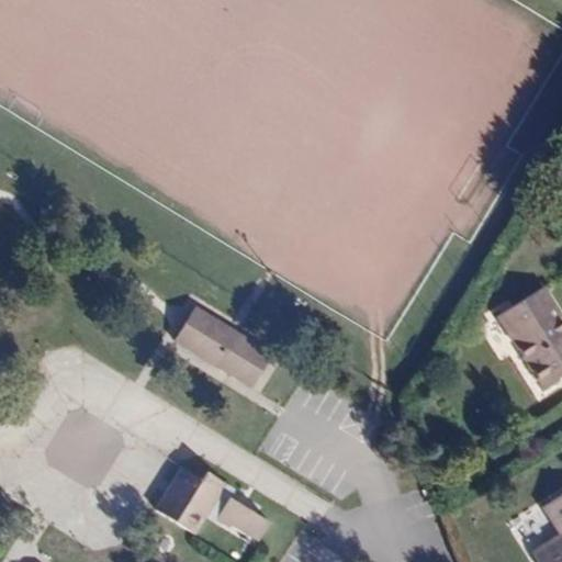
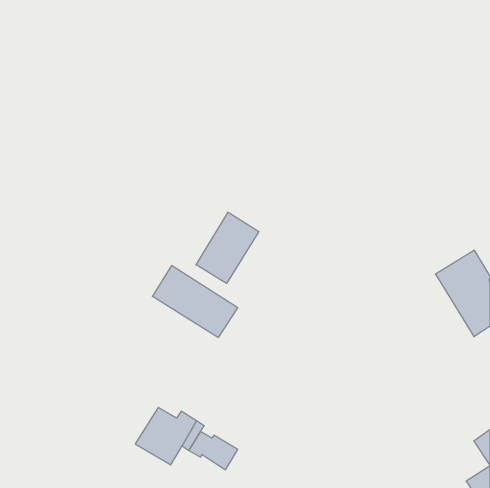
building: none -> [196,212,259,283]

